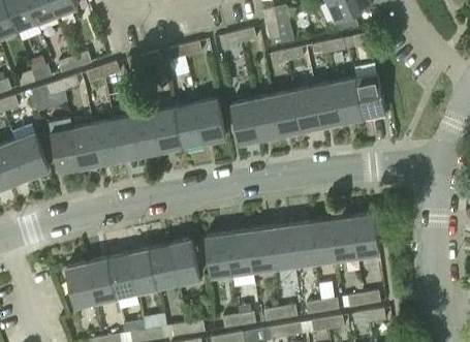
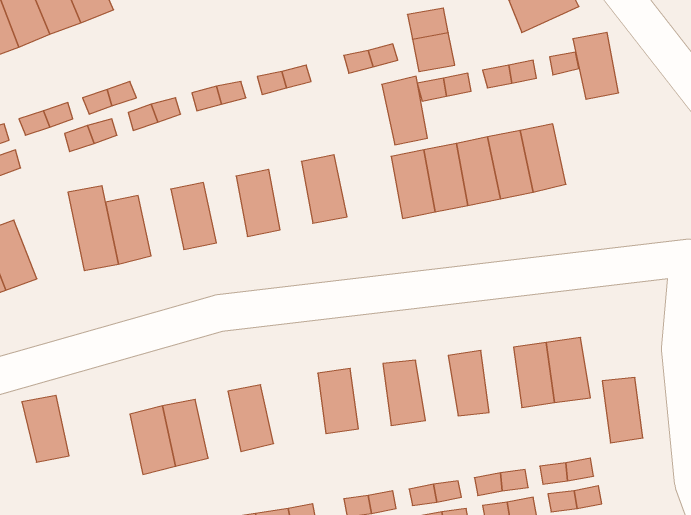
building: [354,75,383,118] -> [573,32,619,99]
building: [230,100,259,144] -> [382,76,427,145]
building: [175,103,202,147] -> none
building: [133,113,161,155] -> none
building: [92,121,121,163] -> none
building: [10,125,49,178] -> none
building: [309,221,335,262] -> [602,378,643,443]
building: [268,226,294,268] -> none
building: [226,231,252,273] -> none
building: [169,240,199,282] -> none
building: [128,249,157,291] -> none
building: [65,263,95,306] -> [22,395,69,462]

